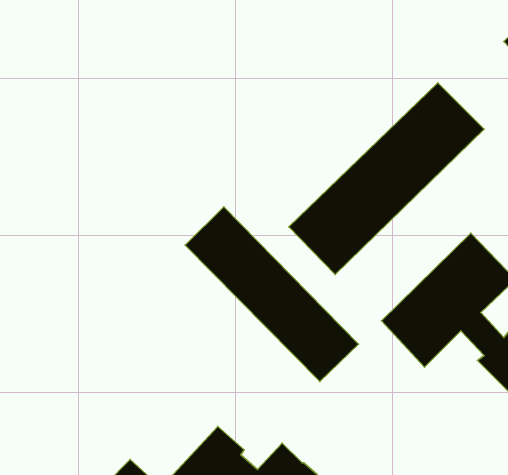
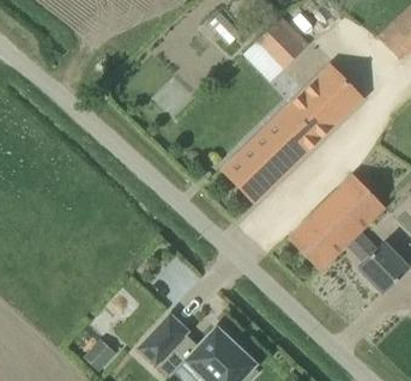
building: none -> [256,17,309,69]
building: [185,207,359,381] -> none

